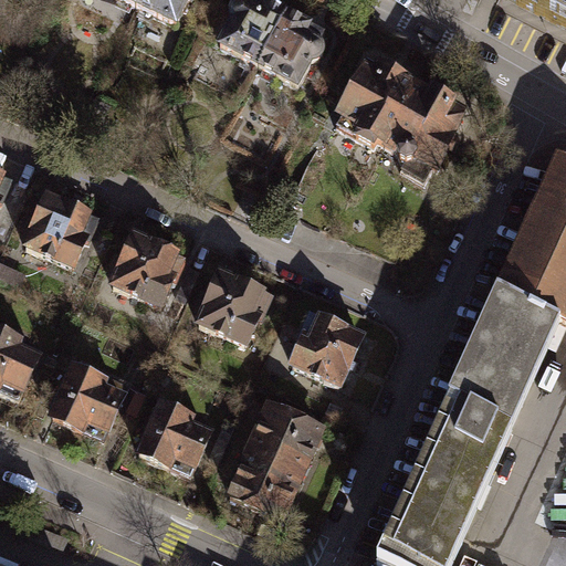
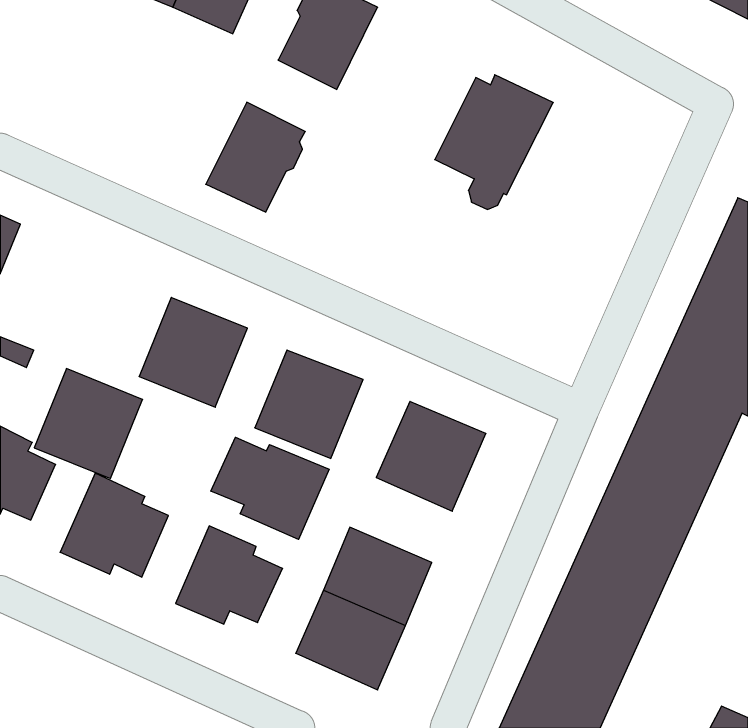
building: [254,6,329,88] -> [206,102,305,212]
building: [382,77,471,182] -> none
building: [21,185,103,268] -> [34,369,143,478]
building: none -> [211,437,329,539]

